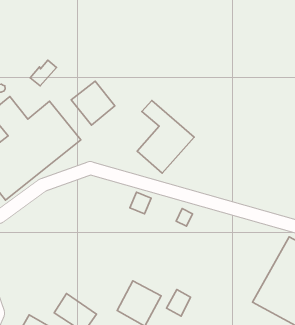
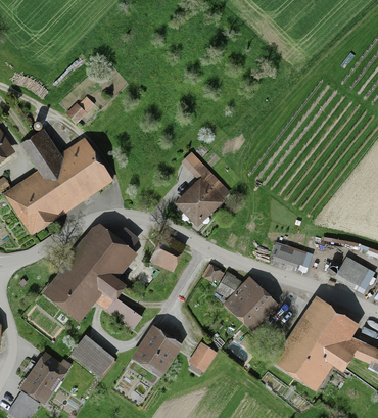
building: [71,81,115,125] -> none
building: none -> [269,240,306,266]
building: none -> [45,227,145,333]
building: none -> [215,270,275,327]

